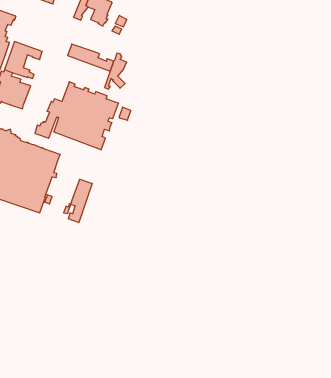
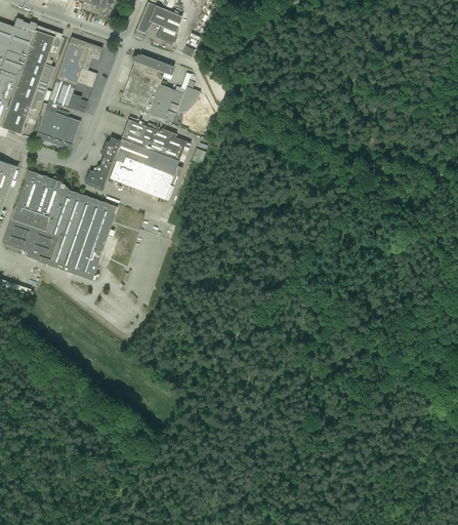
building: none -> [59,37,101,78]
building: none -> [131,53,173,81]
building: none -> [120,83,179,123]
building: [68,179,92,223] -> none

